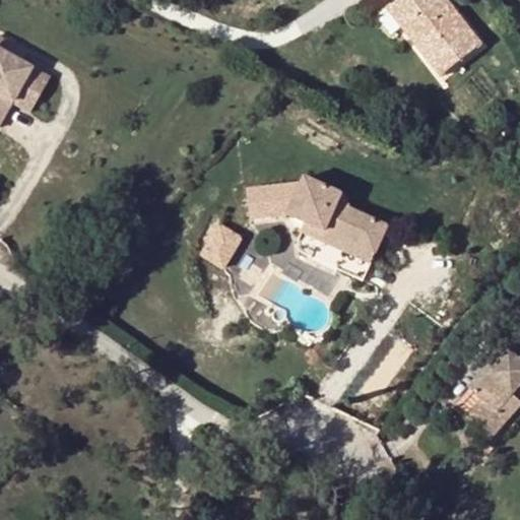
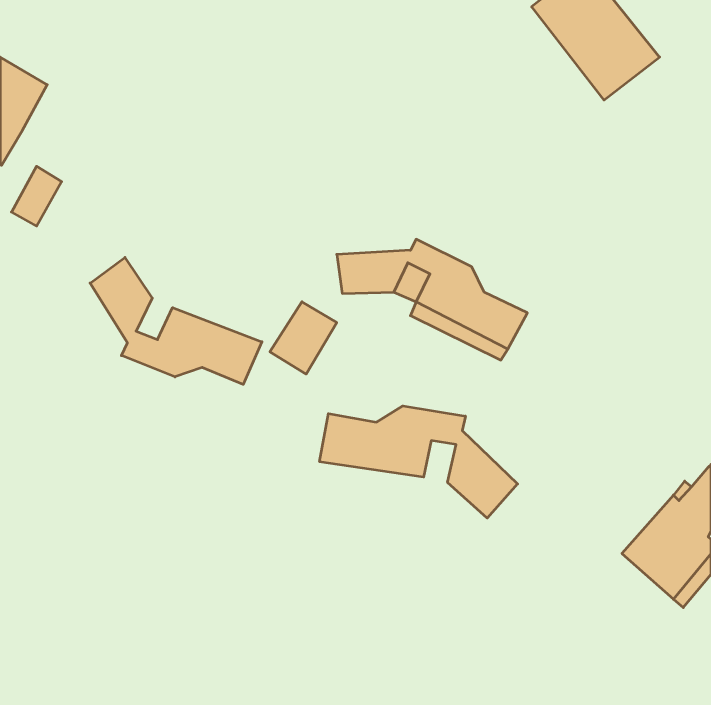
building: [16,62,53,106] -> [11,166,62,226]
building: none -> [90,257,262,384]
building: none -> [320,406,518,518]

